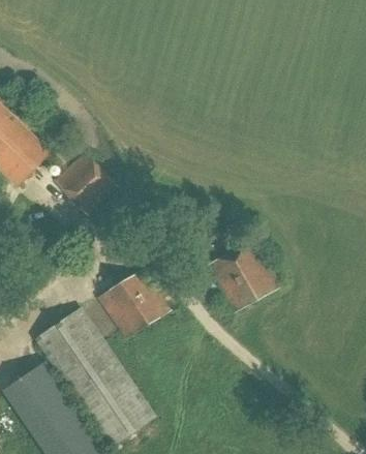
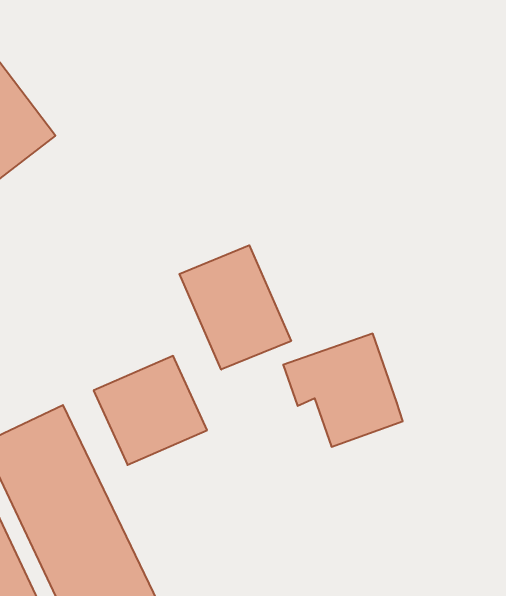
building: [52,151,117,216] -> none
building: none -> [179,245,291,370]

